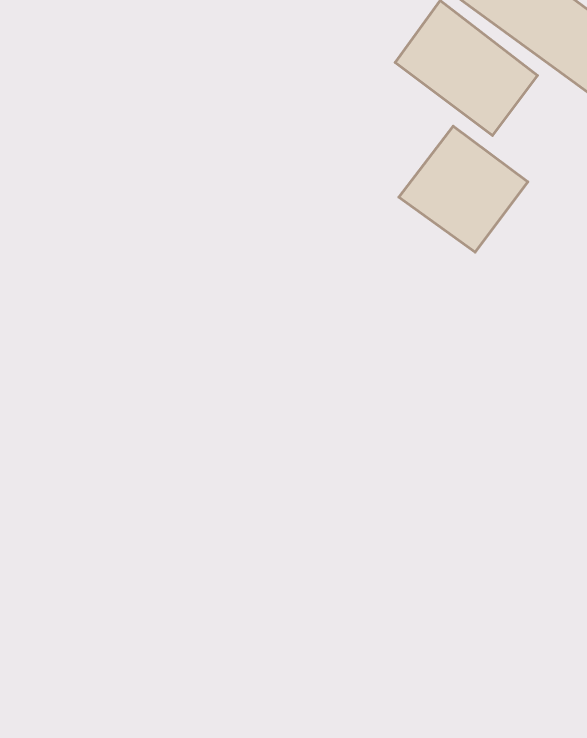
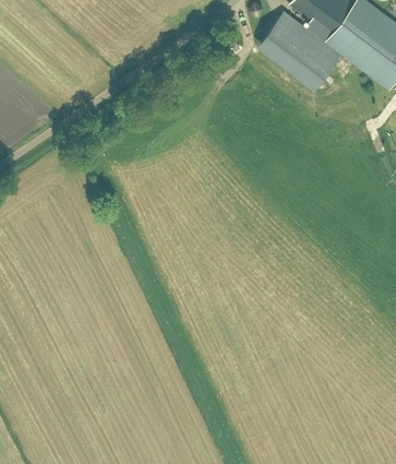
building: [399,126,528,252] -> none

